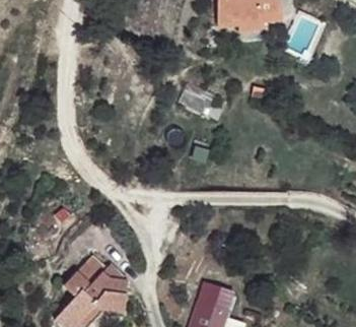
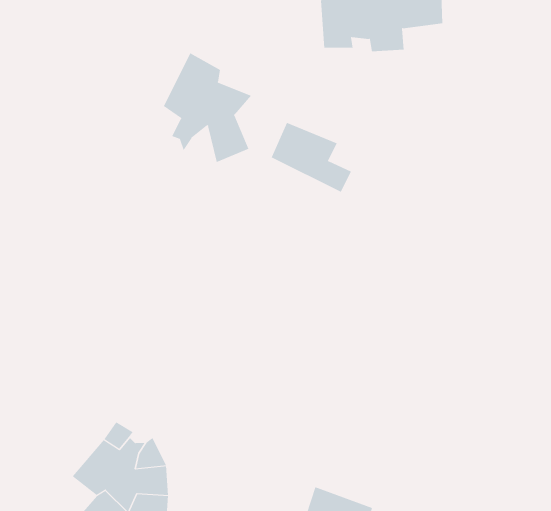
building: none -> [163,52,252,163]

